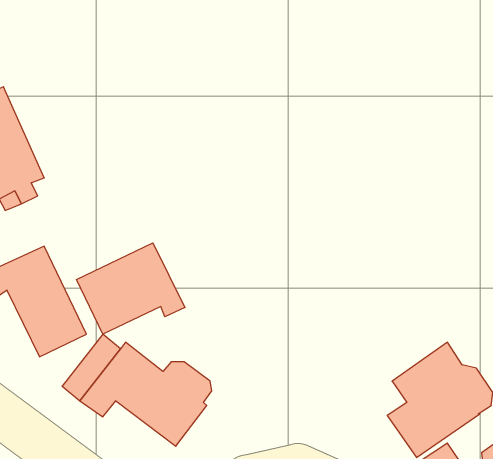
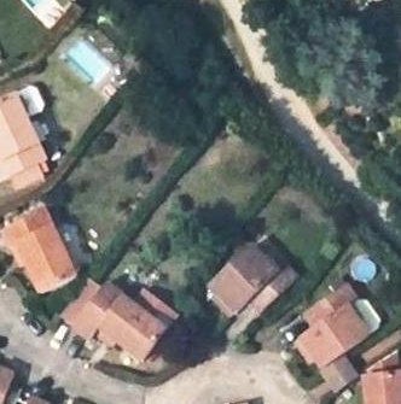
building: [77,243,185,334] -> none
building: none -> [208,247,297,320]

